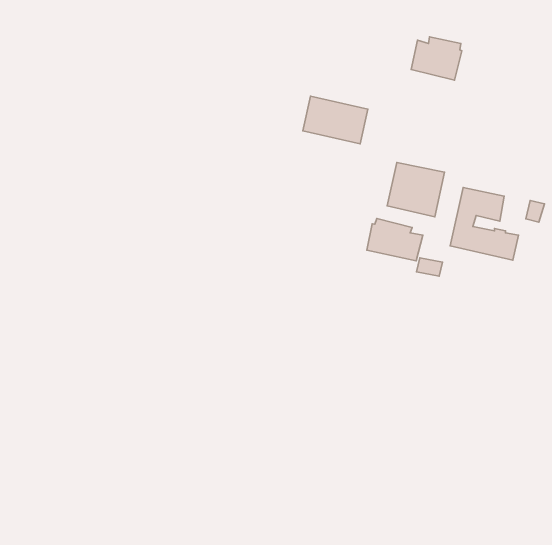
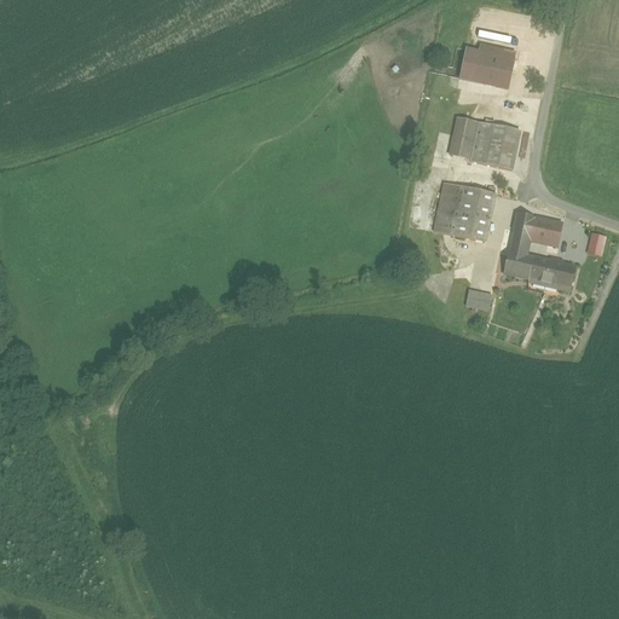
building: [303,96,368,144] -> [447,115,520,168]
building: [367,218,423,261] -> none

